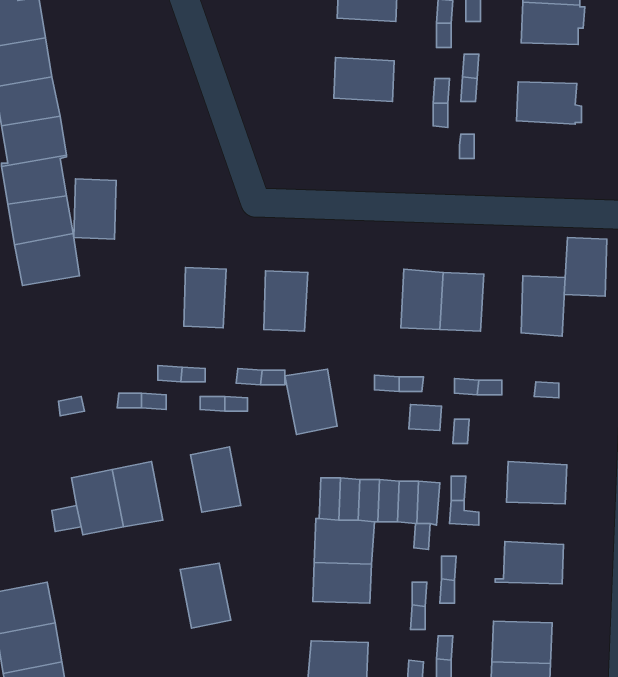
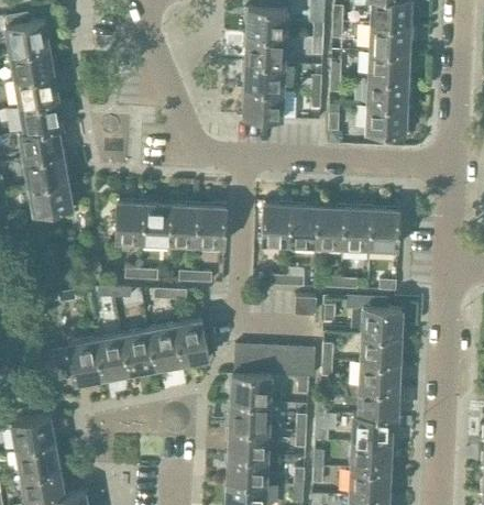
building: none -> [245,36,286,65]
building: none -> [368,53,412,80]
building: none -> [243,90,284,120]
building: none -> [366,106,407,135]
building: [74,179,116,239] -> [116,204,144,244]
building: [564,238,607,296] -> [343,209,372,249]
building: none -> [262,205,292,245]
building: none -> [169,206,198,246]
building: [285,369,337,434] -> [174,321,209,365]
building: none -> [362,298,403,338]
building: none -> [360,363,400,392]
building: [180,563,231,628] -> [121,331,155,375]
building: none -> [352,417,398,444]
building: none -> [229,430,268,458]

